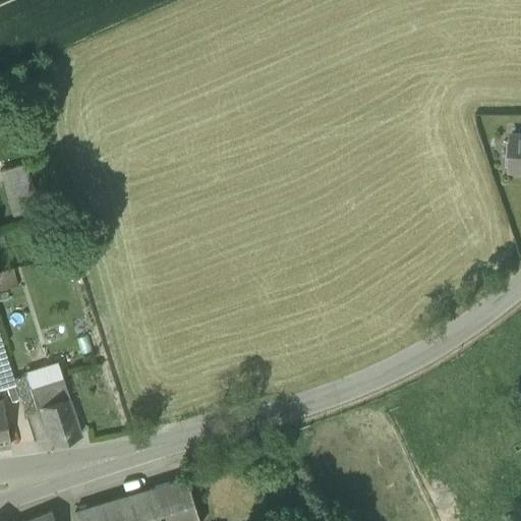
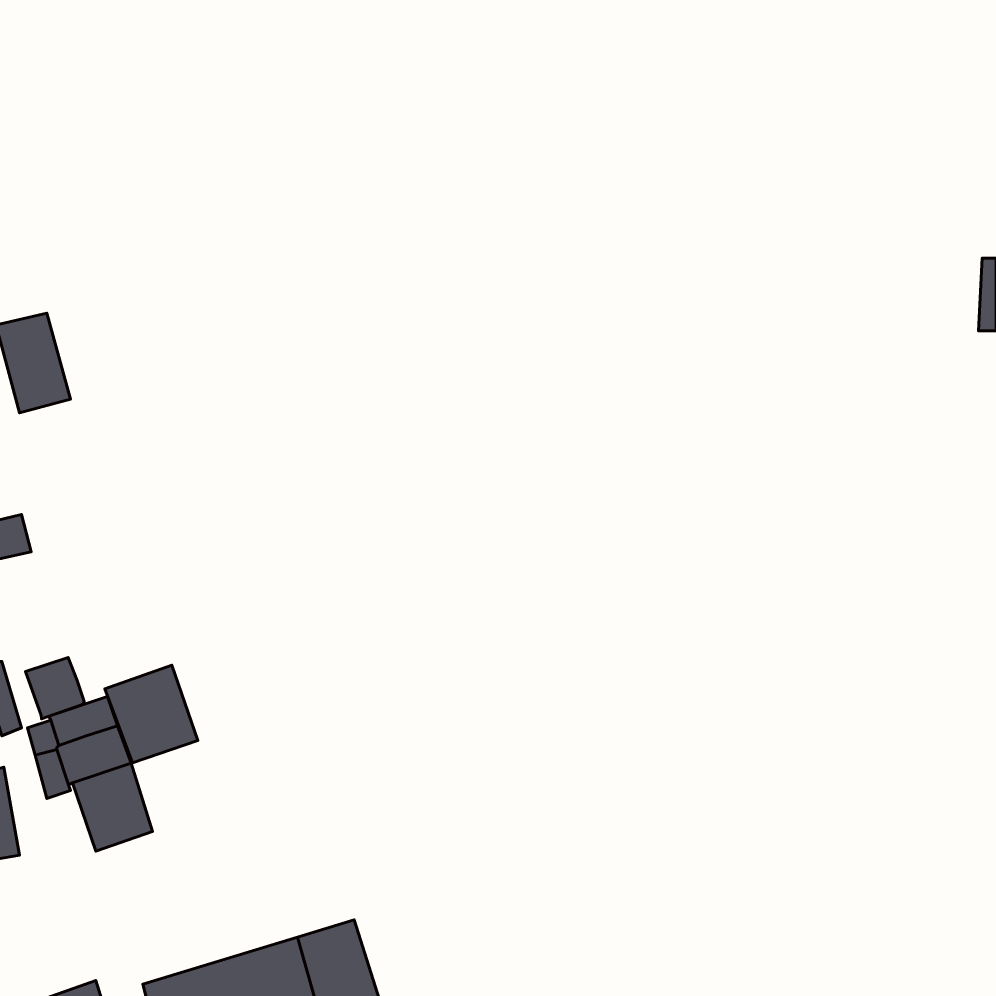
building: none -> [25,657,84,719]
building: none -> [105,665,198,763]

